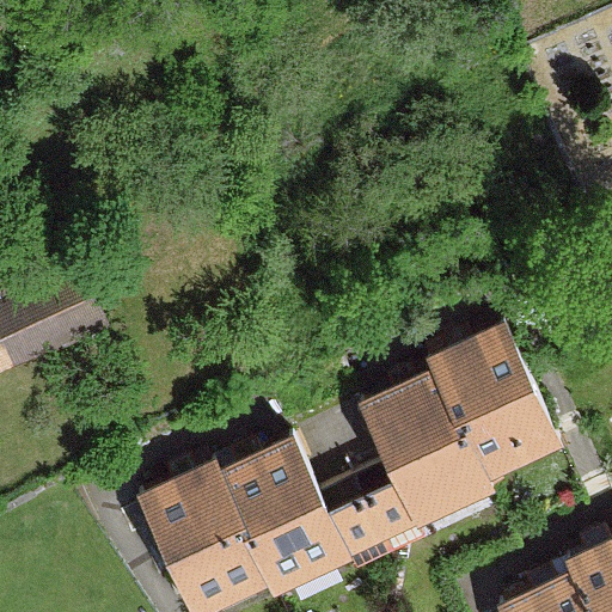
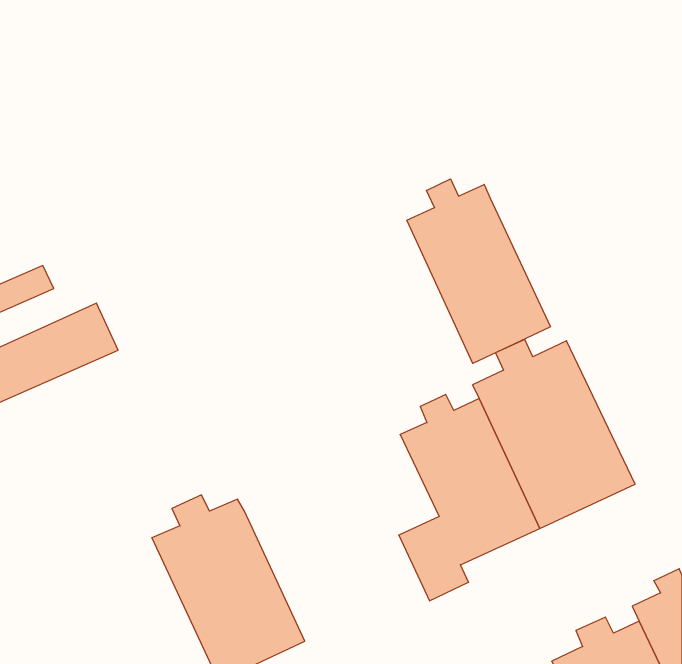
building: none -> [407,179,551,363]
building: [218,433,382,590] -> none

